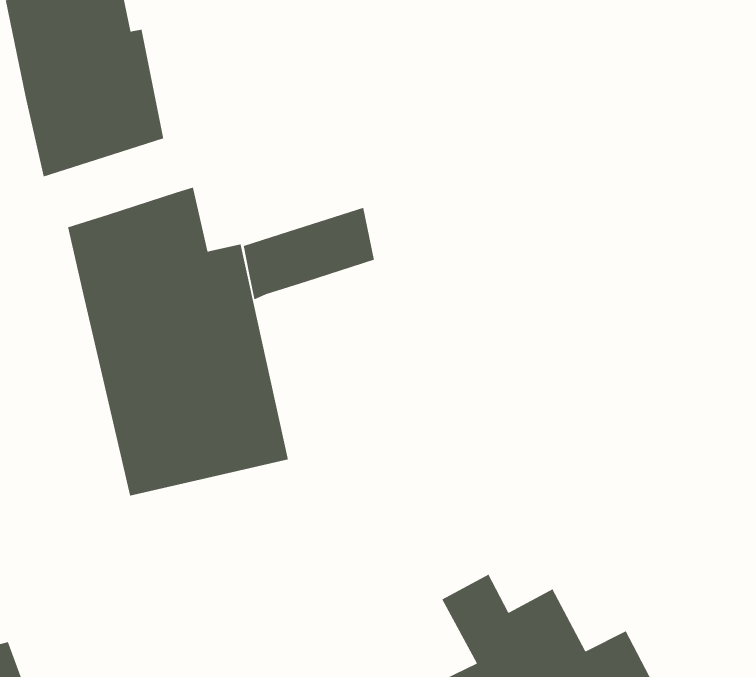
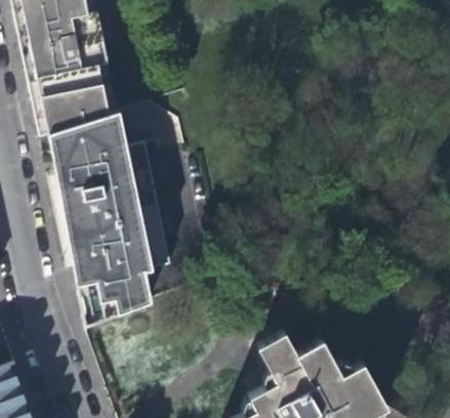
building: [243,207,375,300] -> [36,86,110,138]
building: none -> [79,271,154,326]

